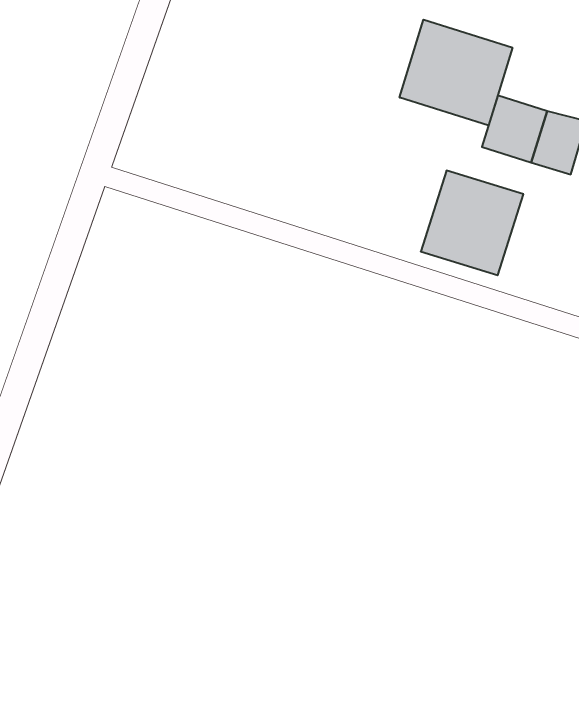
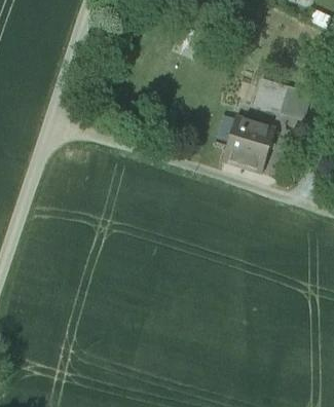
building: [400,20,512,126] -> none

